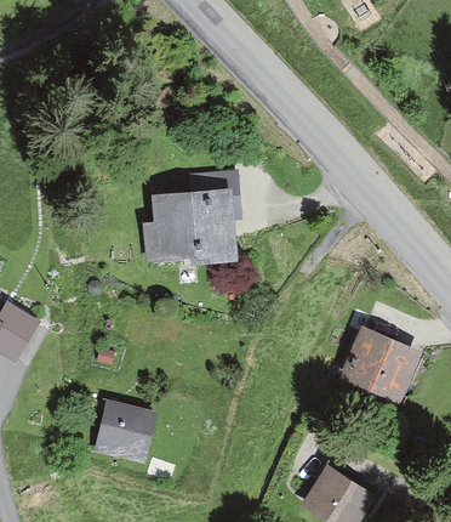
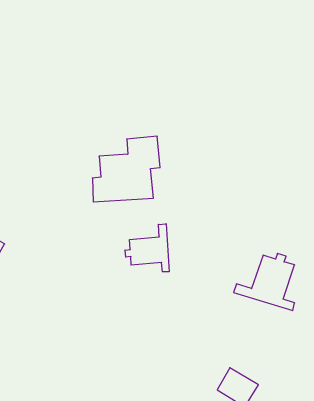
building: none -> [125,224,169,272]
building: [101,402,156,465] -> none

